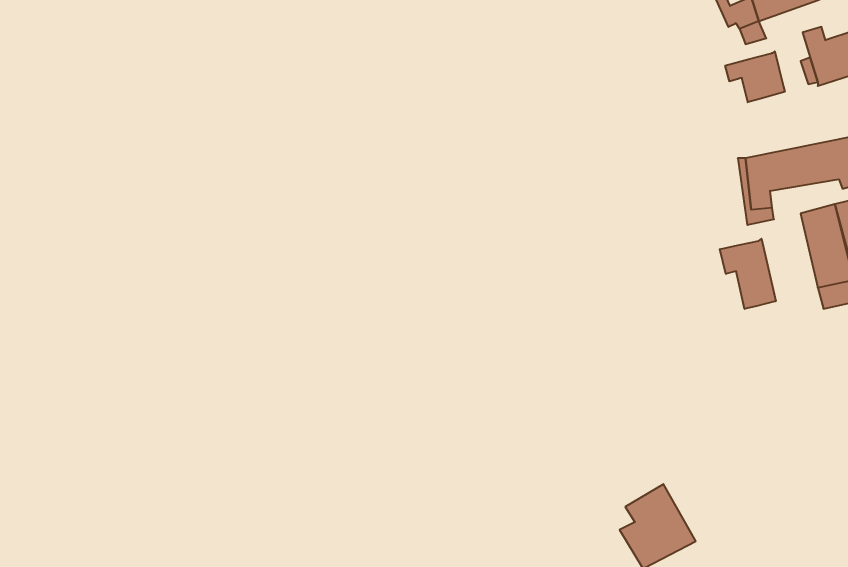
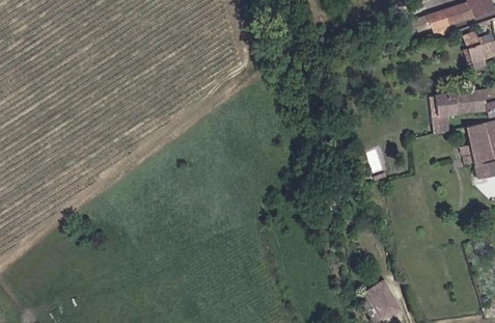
building: [725,51,785,102] -> none
building: [720,239,776,309] -> none

